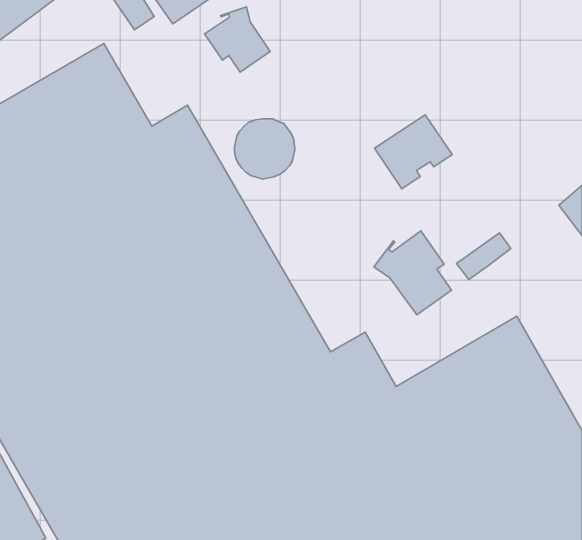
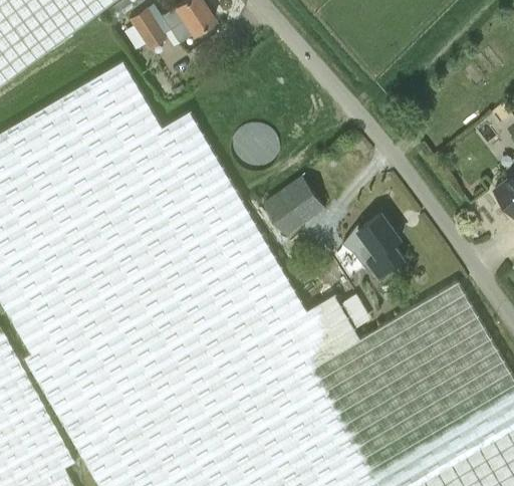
building: [204,7,270,72] -> none
building: [375,115,452,189] -> [264,175,327,235]
building: [456,233,511,280] -> none

